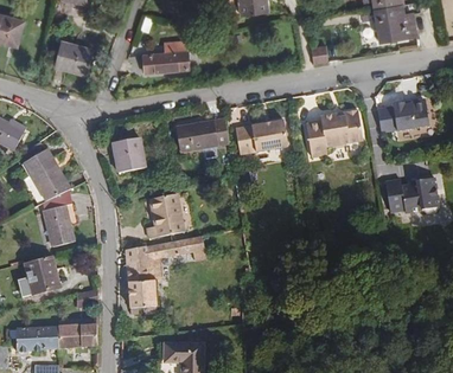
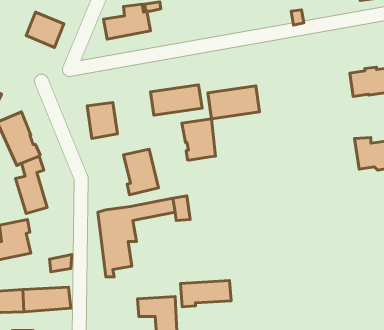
building: [306,112,363,159] -> none
building: none -> [182,119,216,160]
building: none -> [181,280,231,307]

